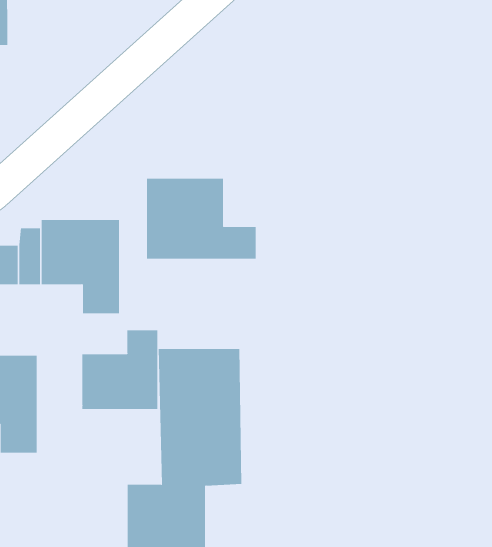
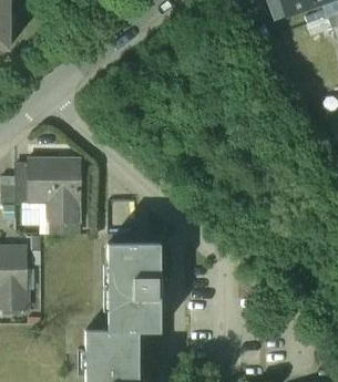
building: [147,178,256,259] -> none
building: [82,329,158,410] -> none

